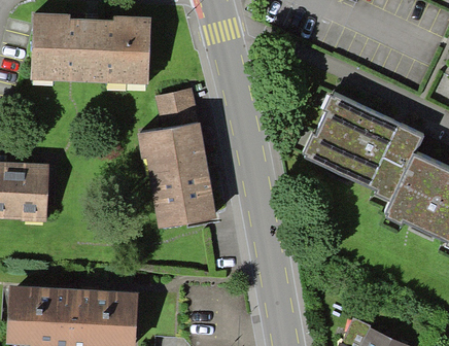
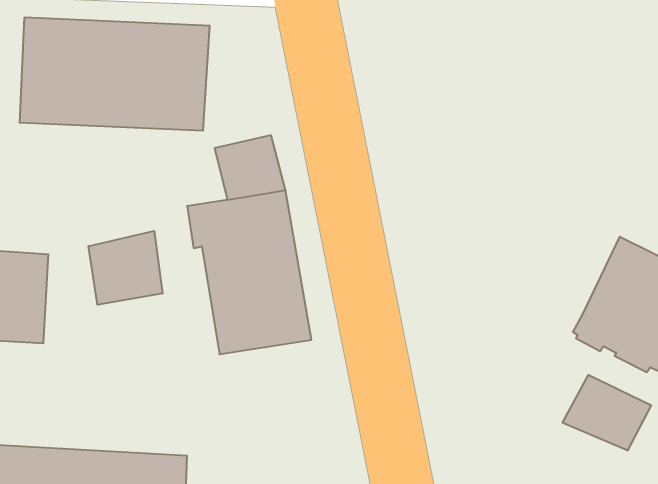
building: [303,95,421,202] -> none
building: none -> [89,231,163,305]
building: none -> [563,375,651,451]

